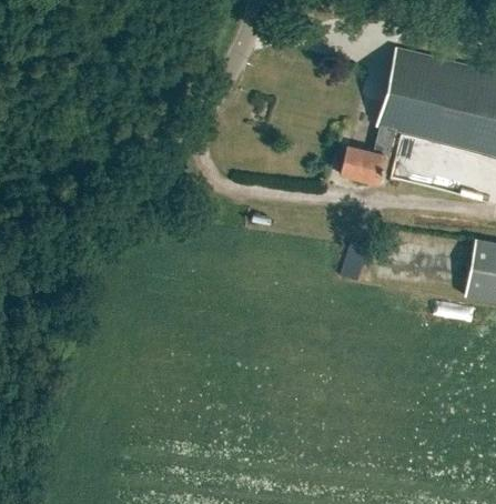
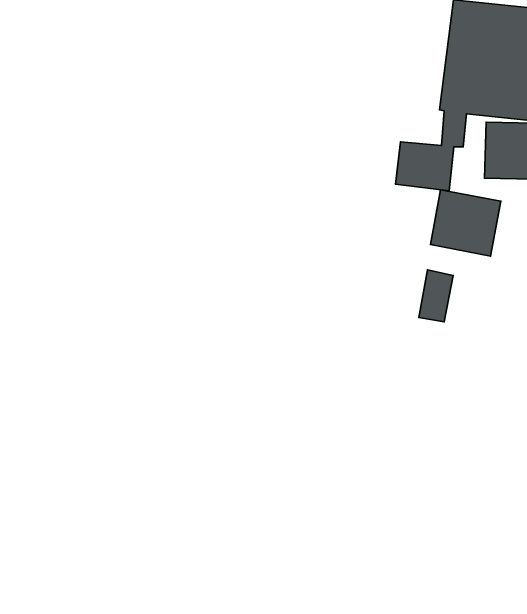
building: none -> [430,190,501,256]

